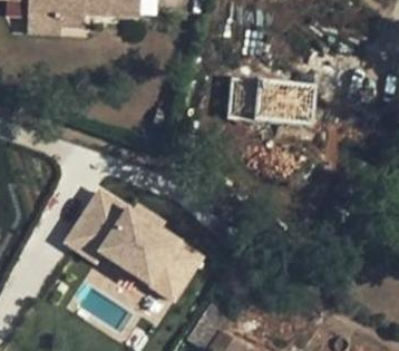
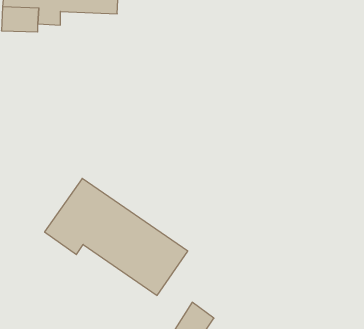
building: [227,77,314,125] -> none

